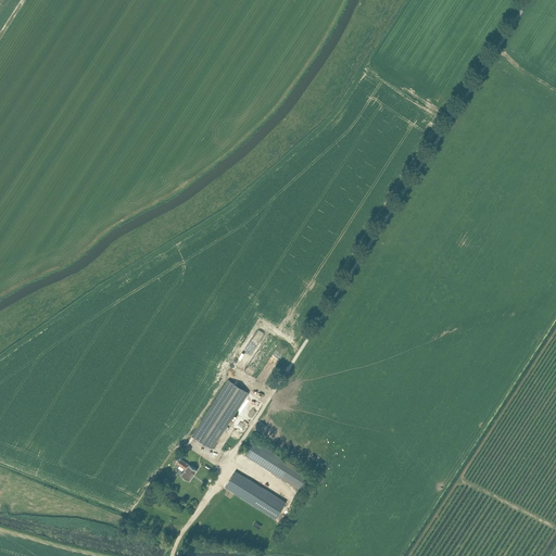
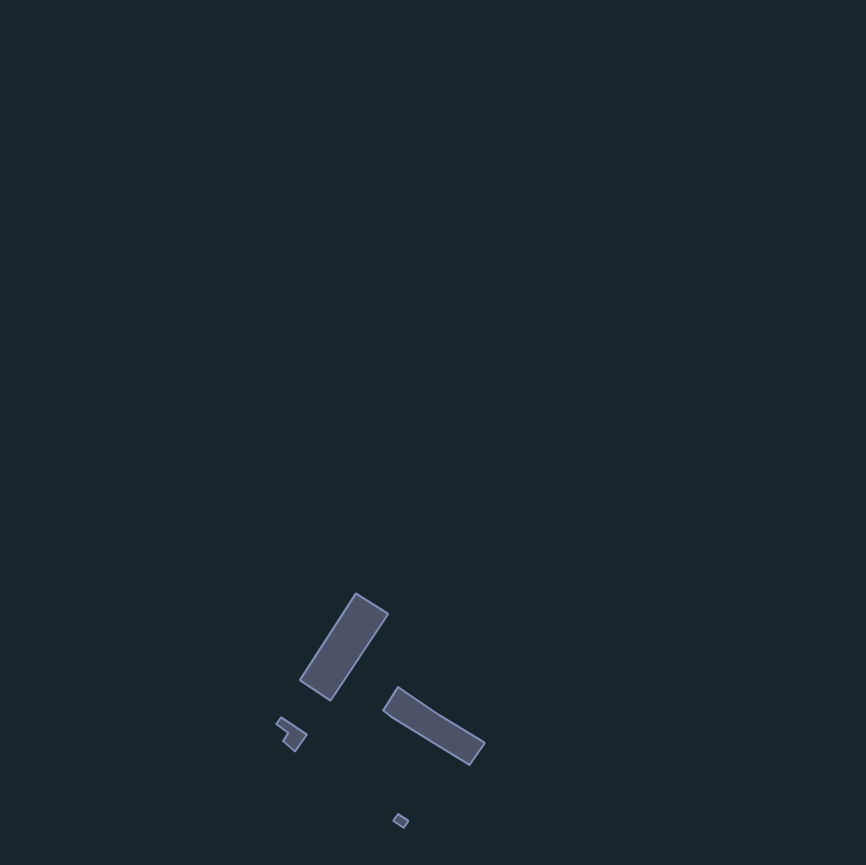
building: [225,472,286,520] -> none

